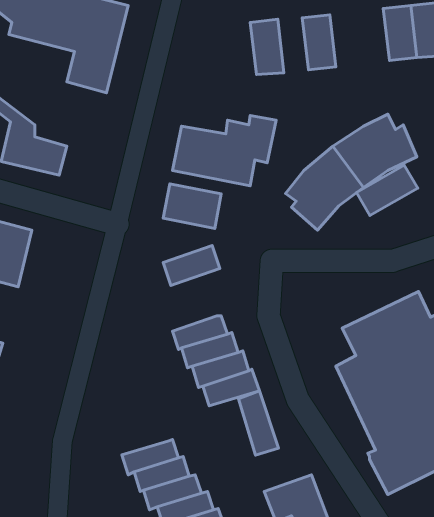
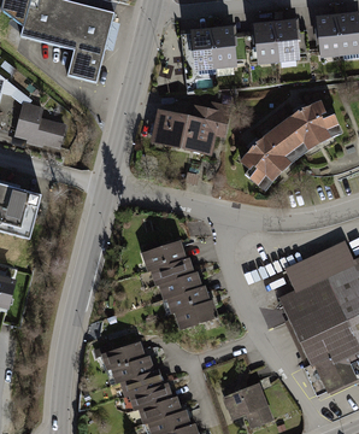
building: none -> [273,18,300,61]
building: none -> [189,27,216,70]
building: [357,165,418,216] -> none
building: [163,184,221,228] -> none
building: [163,246,220,285] -> [140,240,184,271]
building: [239,391,278,455] -> none
building: none -> [99,340,146,369]

